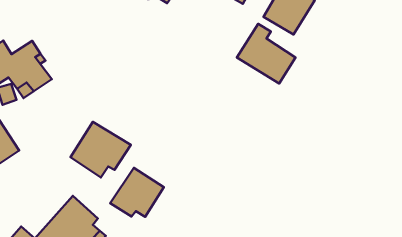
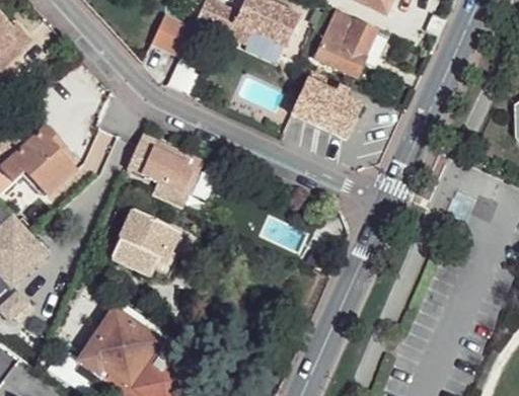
building: none -> [127,138,201,208]
building: [110,168,164,217] -> none

